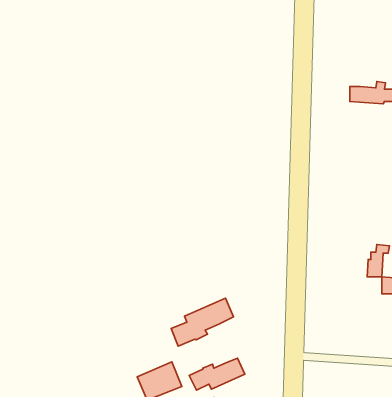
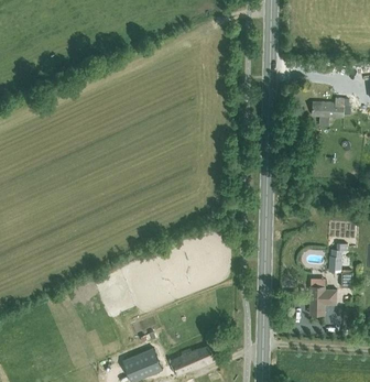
building: none -> [309,286,337,316]
building: [171,298,234,346] -> none

